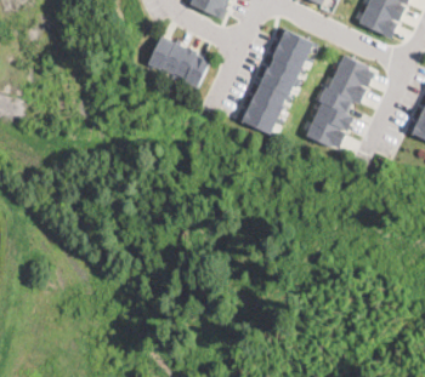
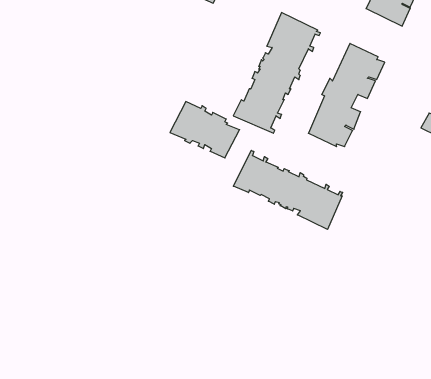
building: [147,35,210,86] -> [170,102,240,158]
building: none -> [233,150,343,229]

